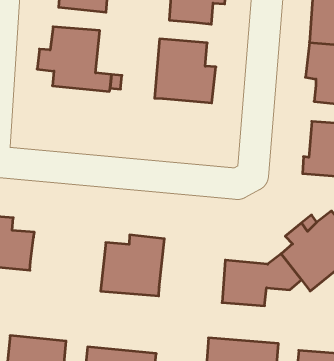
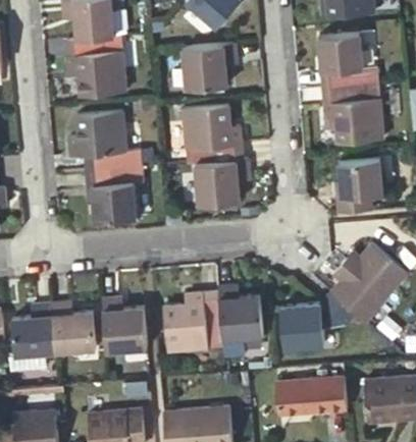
building: none -> [86,166,143,221]
building: none -> [194,159,248,205]
building: none -> [102,297,147,356]
building: none -> [217,285,263,343]

